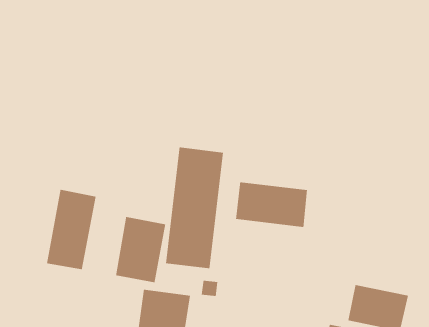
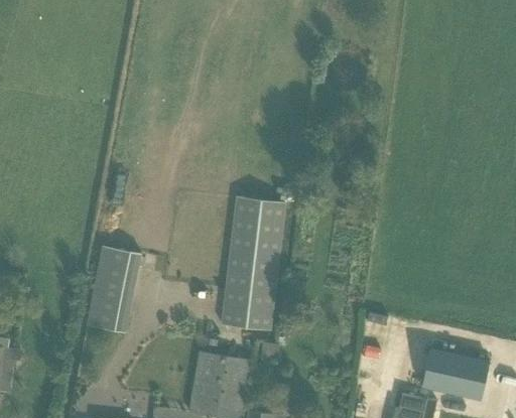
building: [235,182,307,228] -> none
building: [115,216,166,283] -> none

